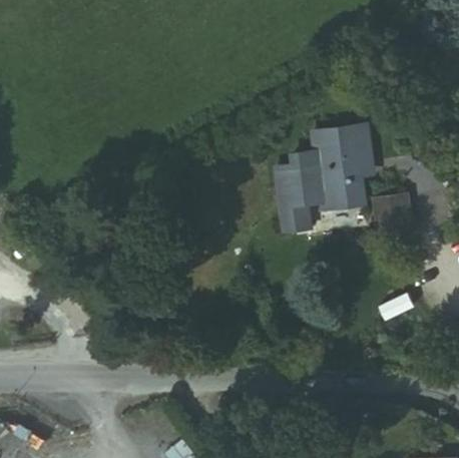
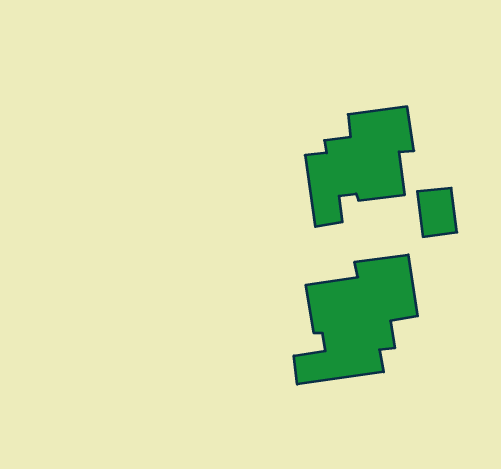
building: none -> [294,255,418,384]

